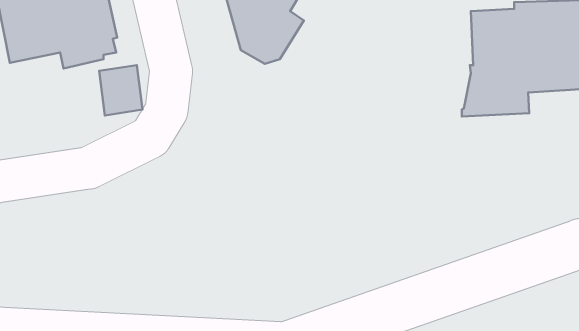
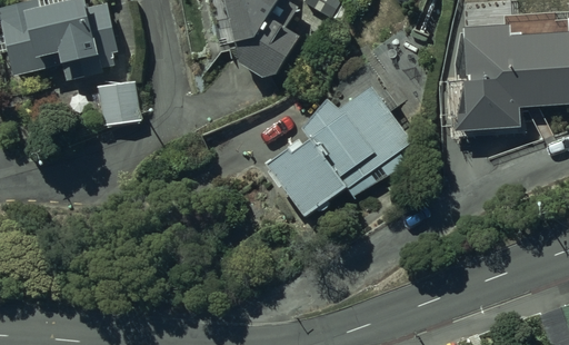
building: none -> [263,86,412,216]

